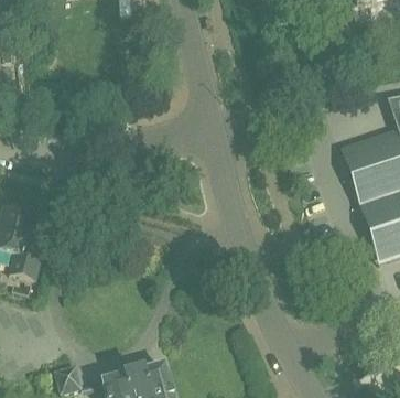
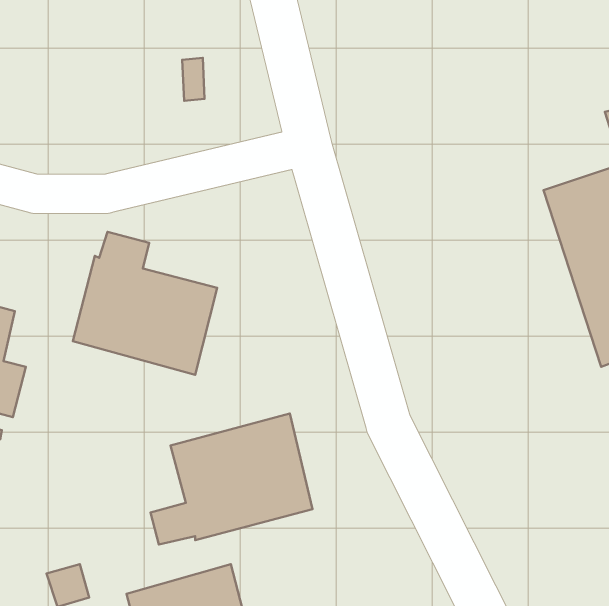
building: none -> [73,232,217,375]
building: none -> [150,413,313,545]

